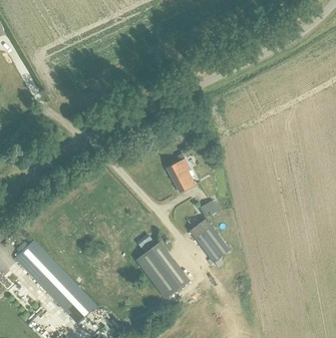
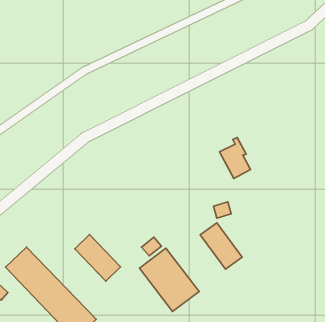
building: [165,154,194,192] -> [220,137,251,178]
building: none -> [75,235,120,281]

